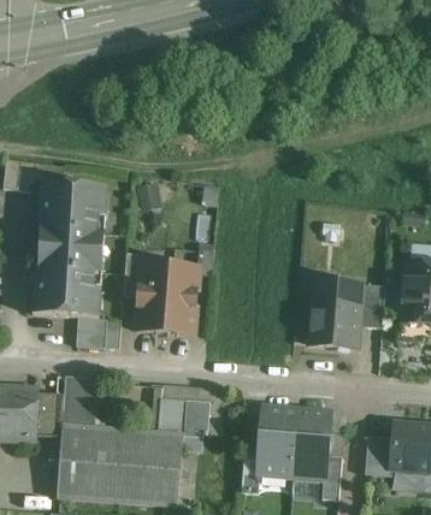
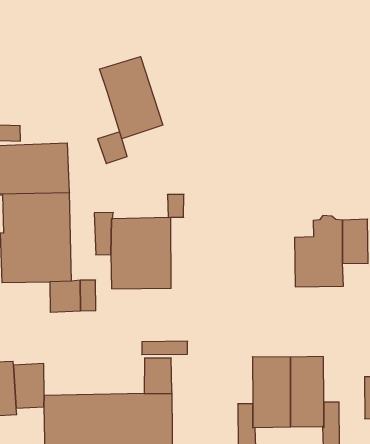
building: none -> [99,57,163,139]
building: [61,375,98,426] -> none
building: [183,399,209,432] -> none

